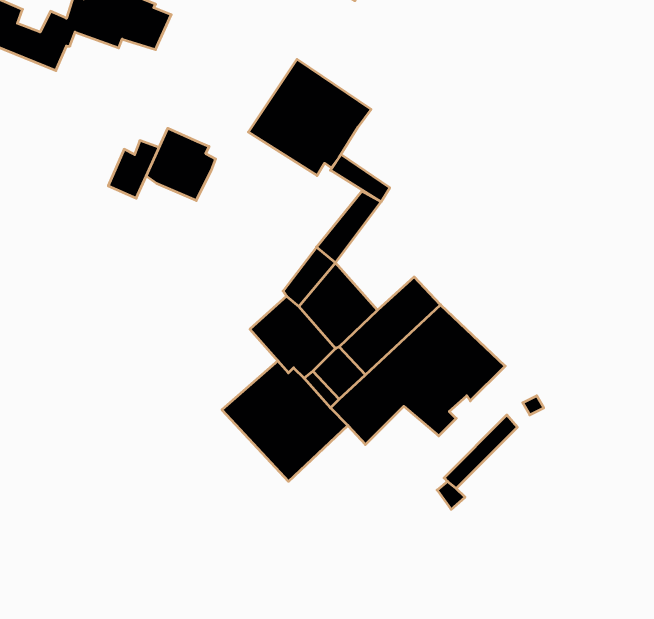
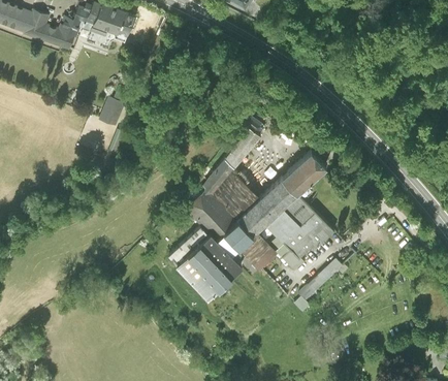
building: [248,59,371,176] -> none
building: [146,128,216,201] -> none
building: none -> [281,149,326,193]

